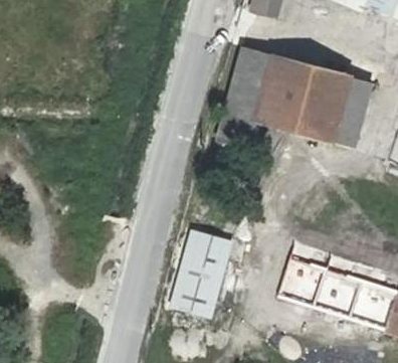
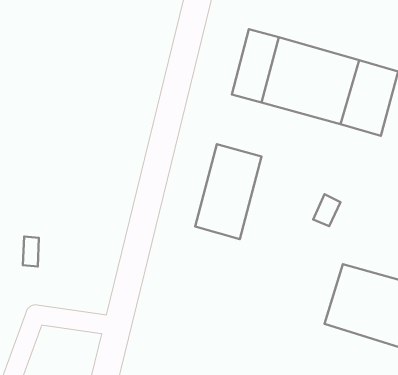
building: [172,232,230,316] -> [195,144,262,239]
building: [286,265,320,306] -> none

